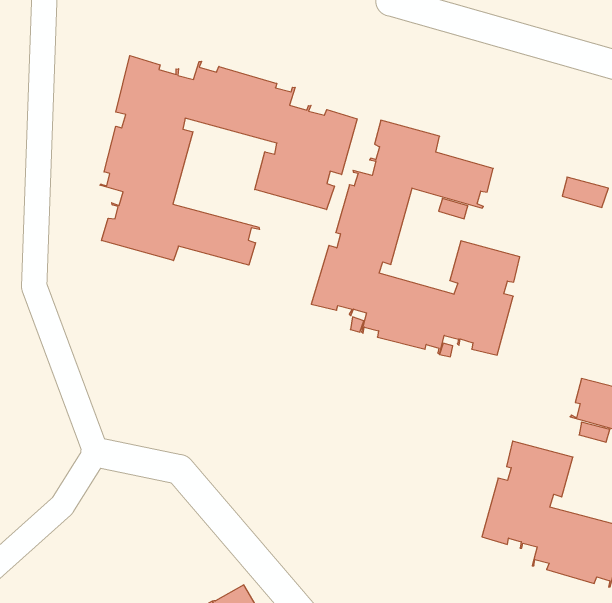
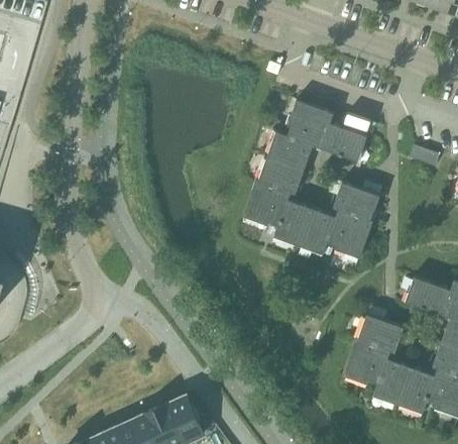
building: [100,56,357,265] -> none

